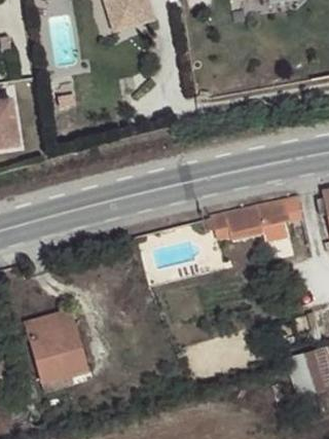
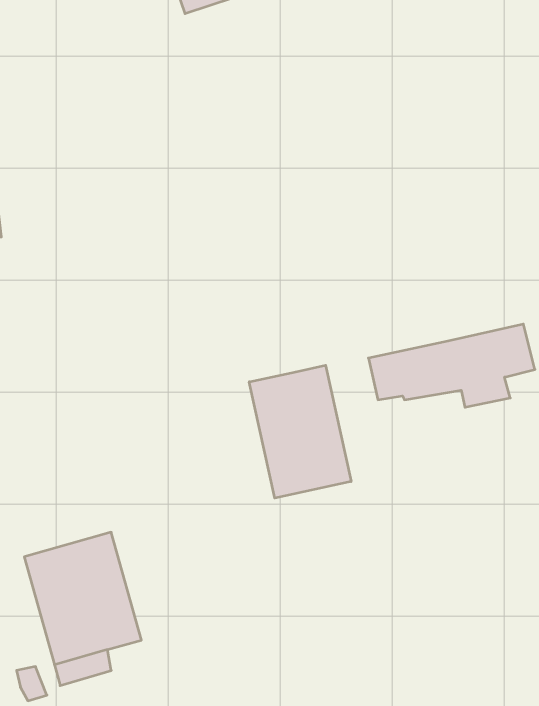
building: none -> [249,365,351,498]

